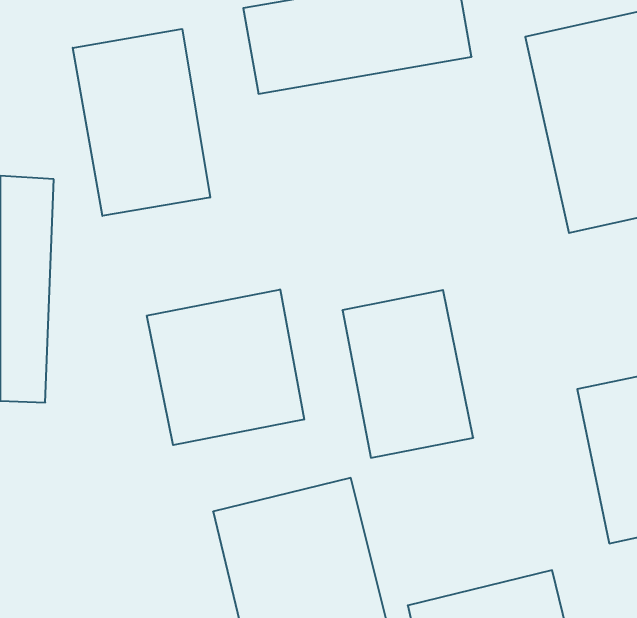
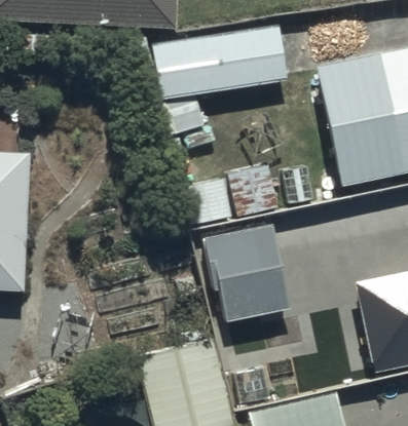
building: [73,29,210,216] -> none
building: [147,289,304,445] -> none

